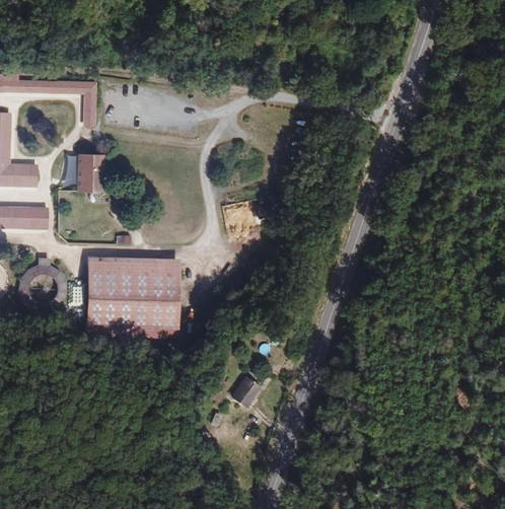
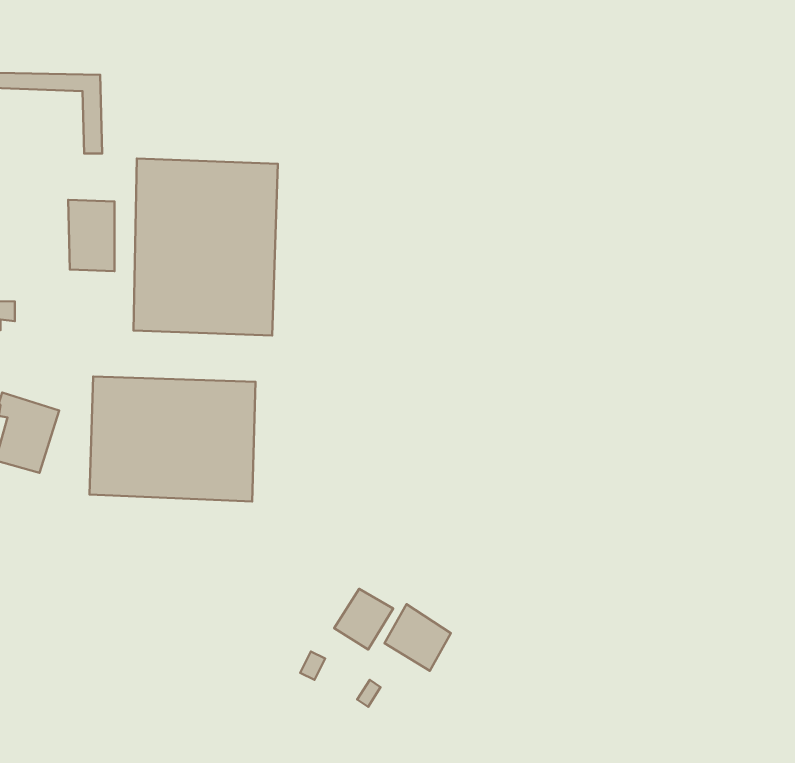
building: none -> [133,159,278,335]
building: none -> [384,604,451,671]

